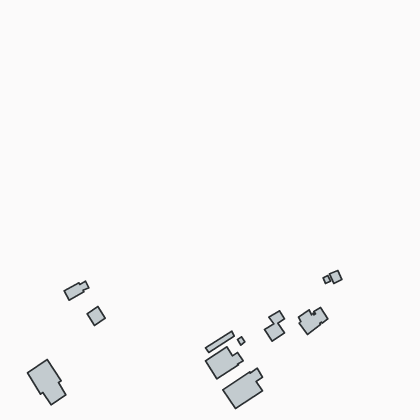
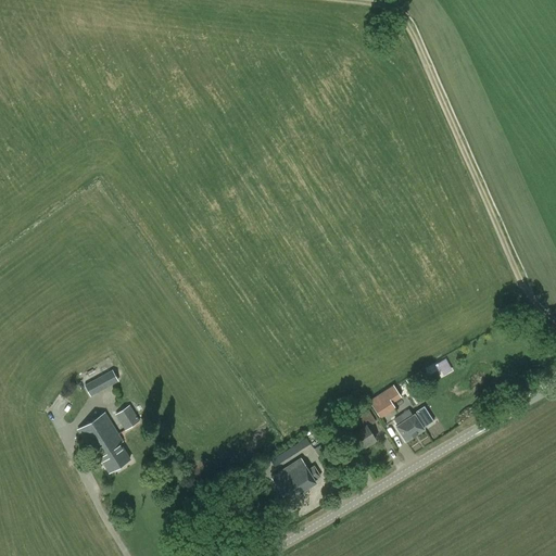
building: none -> [369,384,402,418]
building: [27,360,66,405] -> [78,413,129,472]
building: [223,368,263,409] -> none

